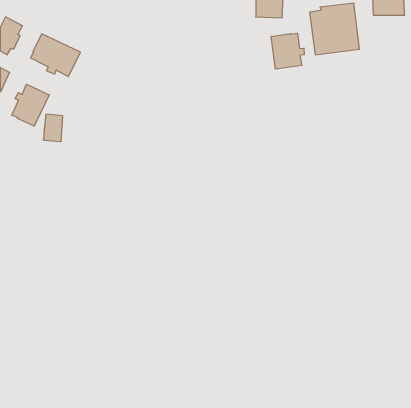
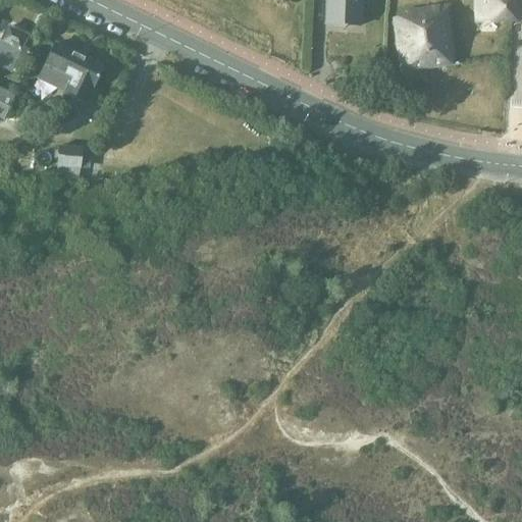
building: [271,33,304,69] -> none
building: [12,84,49,126] -> none

